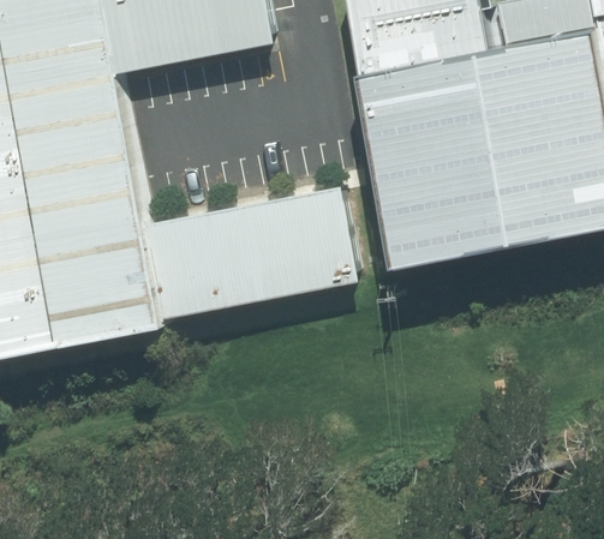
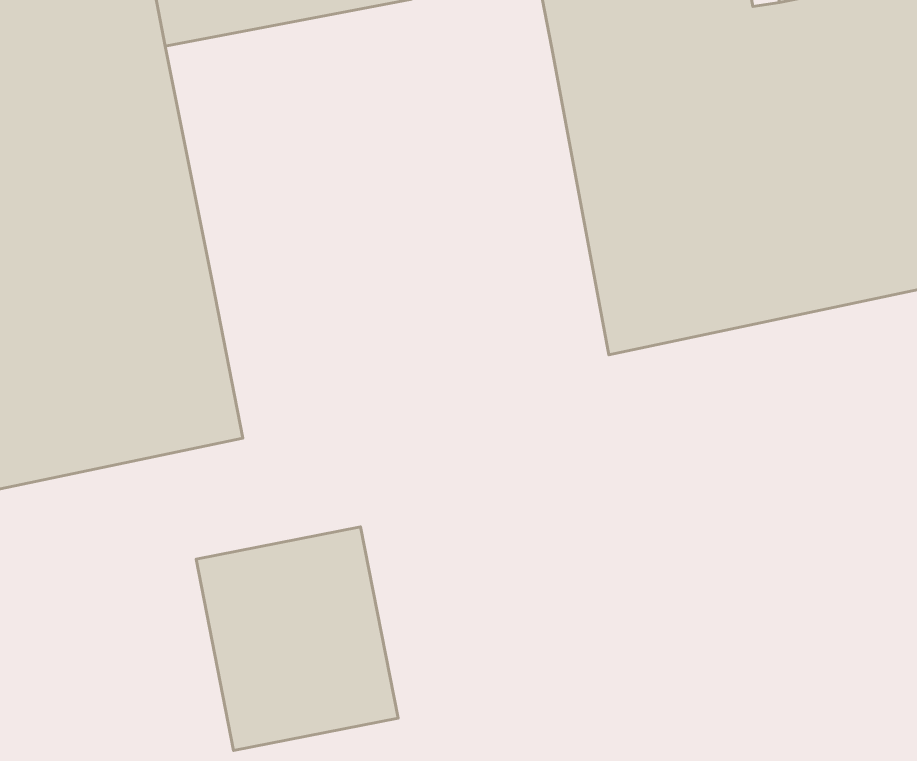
building: [145,186,360,323] -> none
building: none -> [196,527,398,750]

